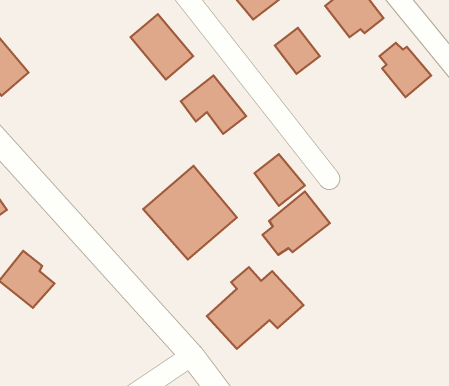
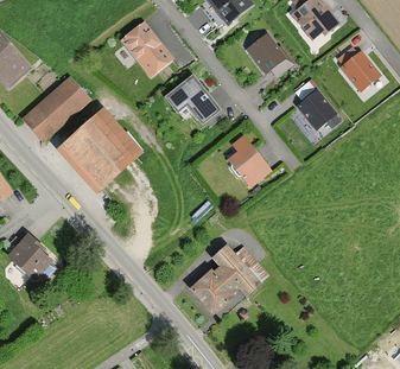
building: none -> [25,77,94,142]
building: none -> [297,90,337,131]
building: [143,166,237,260] -> [57,112,139,193]
building: [262,191,330,255] -> none

